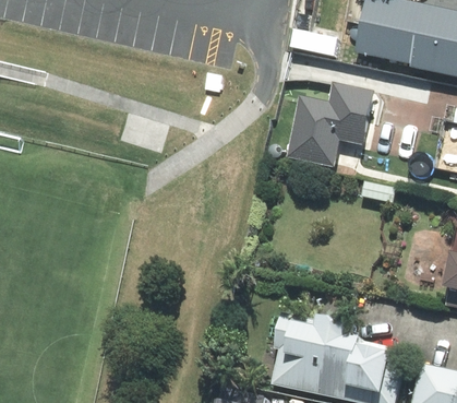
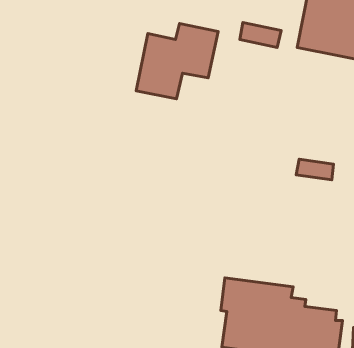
building: [287,82,377,165] -> [136,24,218,99]

